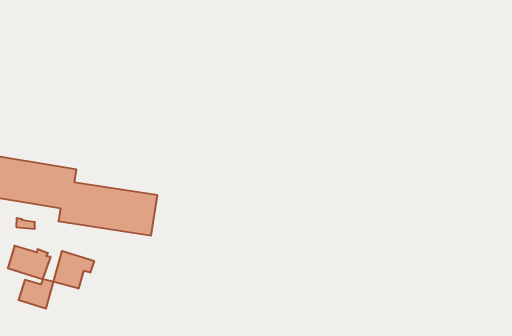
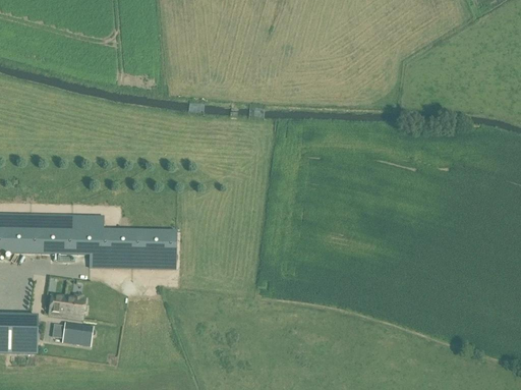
building: [54,251,94,289] -> none

